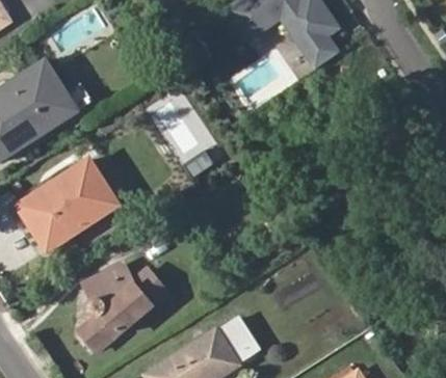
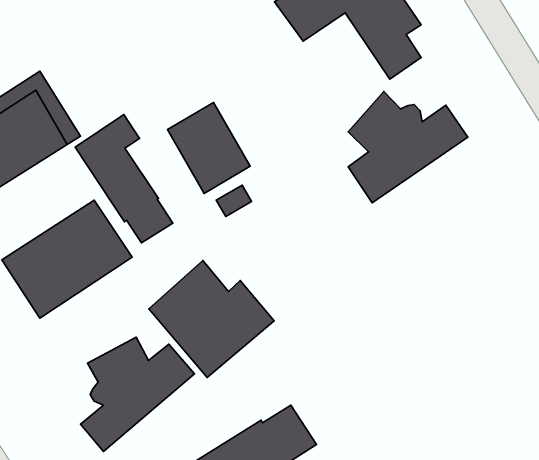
building: none -> [348,92,468,203]
building: none -> [75,114,173,243]
building: none -> [149,260,274,377]

